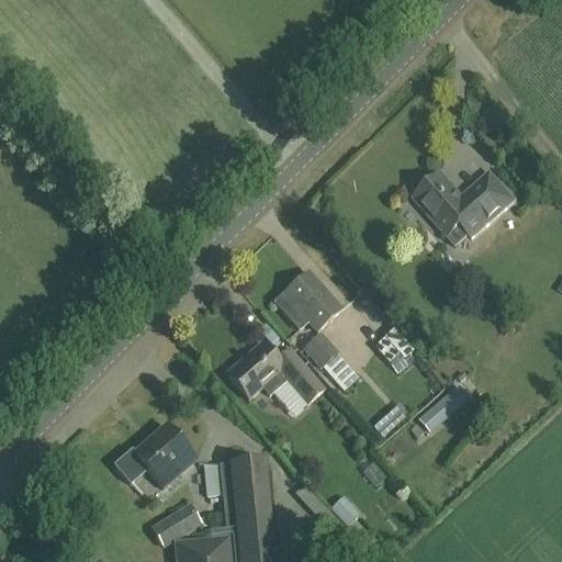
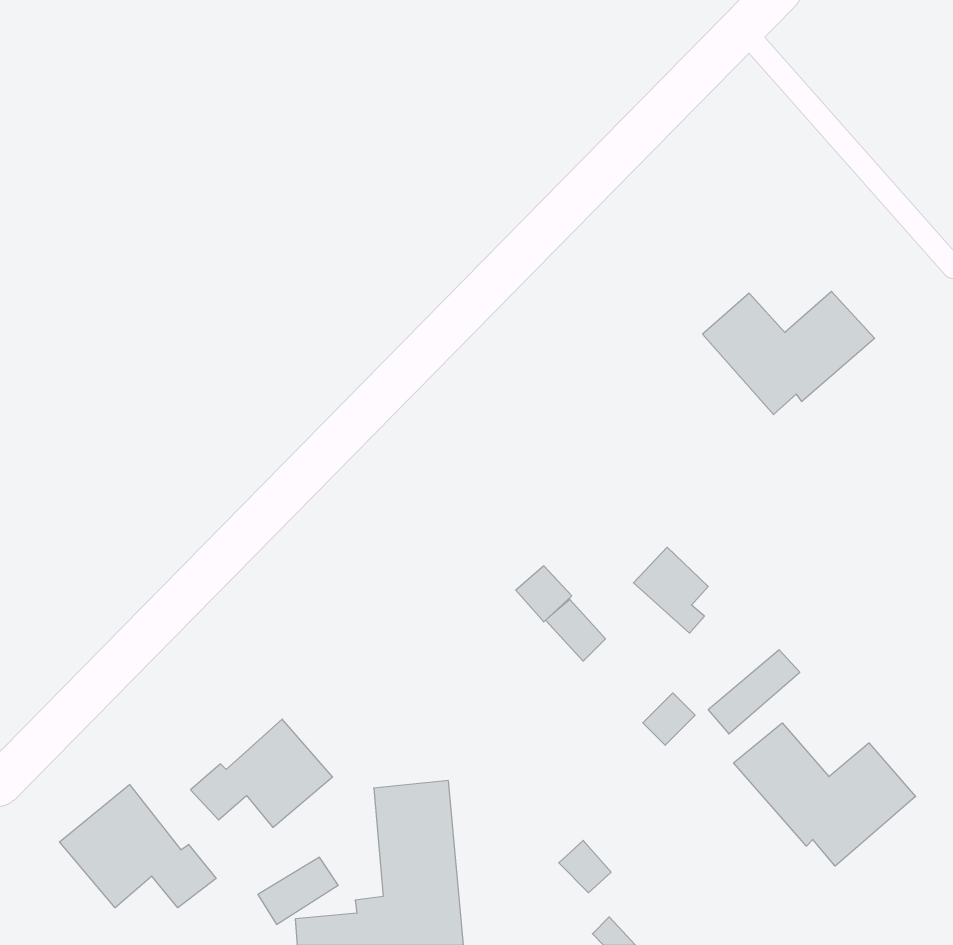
building: [273,270,340,329] -> none
building: [225,340,324,401] -> none
building: none -> [734,723,916,866]
building: none -> [59,785,216,908]

